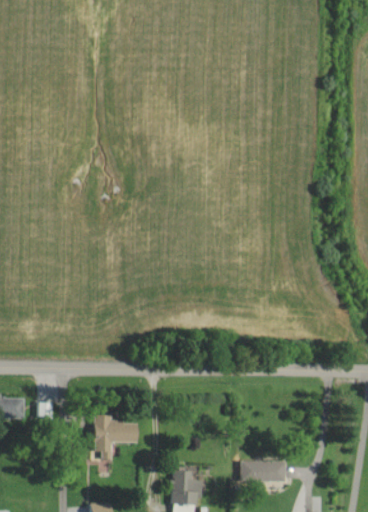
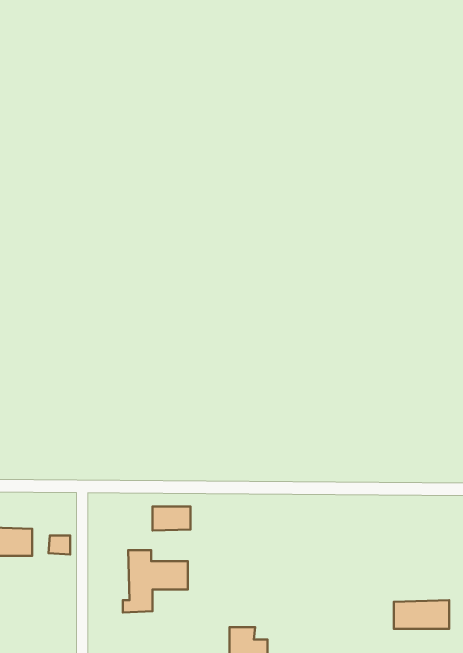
building: none -> [153,507,191,531]
building: [239,461,280,482] -> [394,600,449,629]

